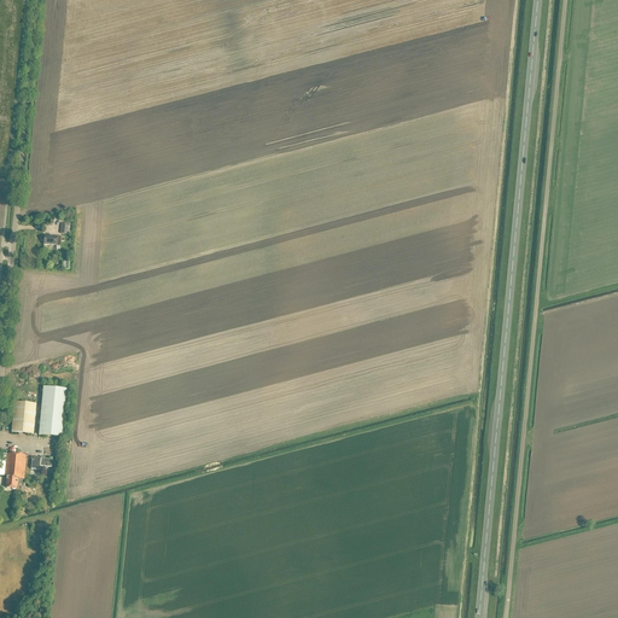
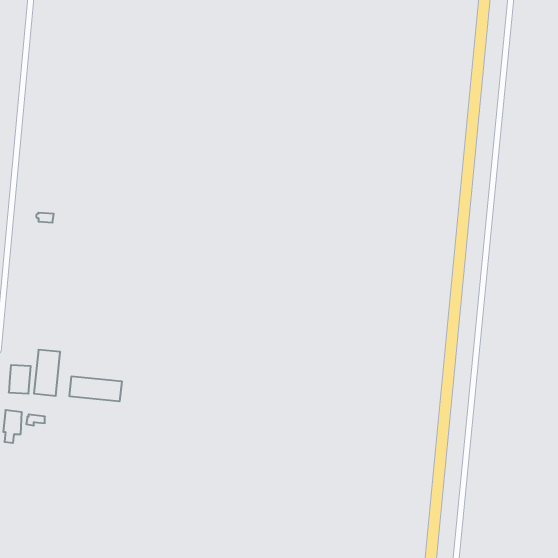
building: none -> [70,376,122,401]

